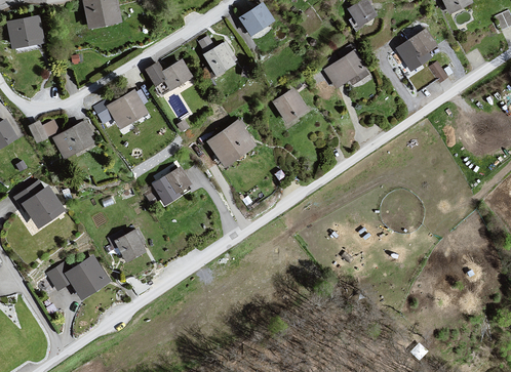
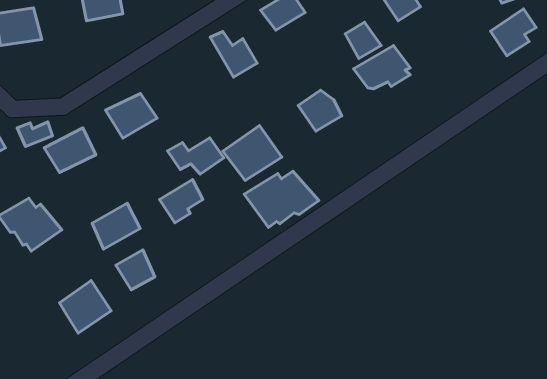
building: [395,28,435,69] -> [490,9,536,56]
building: none -> [345,22,381,59]
building: [144,58,193,90] -> [167,138,224,174]
building: none -> [244,171,319,228]
building: none -> [92,203,140,249]
building: [44,261,70,291] -> none

